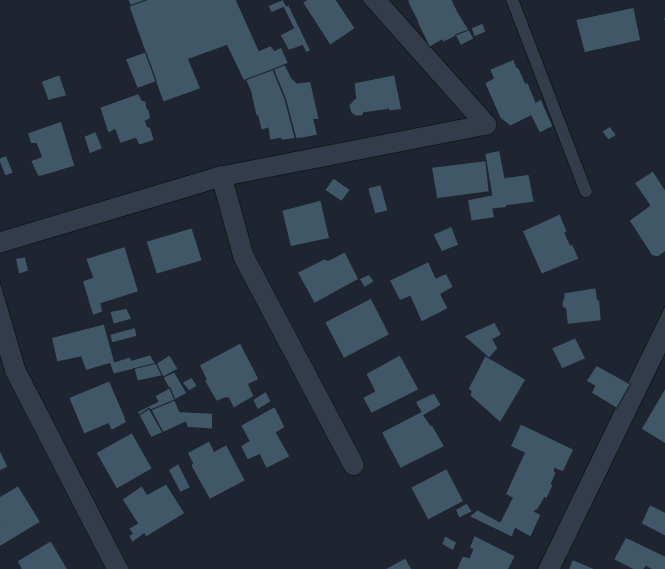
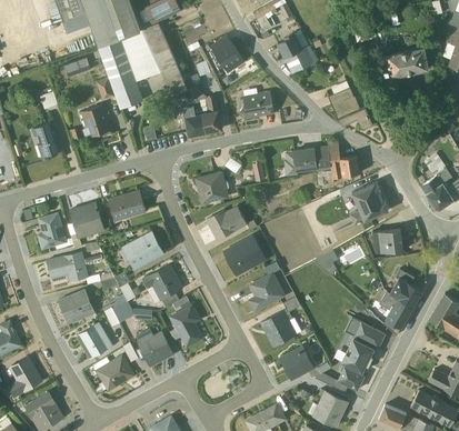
building: [389,261,453,322] -> none
building: none -> [38,213,67,249]
building: none -> [122,232,162,269]
building: [468,356,526,423] -> [375,291,412,334]

